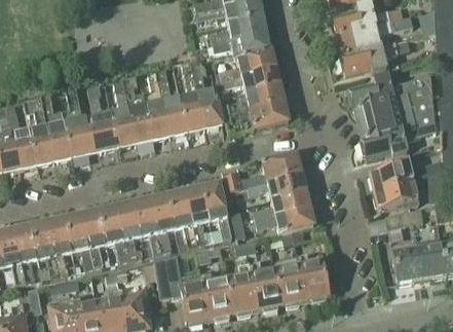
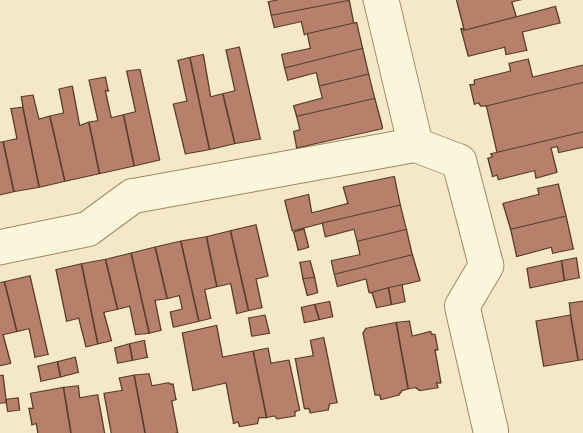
building: [191,63,223,127] -> none
building: [123,77,154,142] -> none
building: [202,182,232,238] -> none
building: [48,217,73,274] -> none
building: [249,261,280,309] -> none

